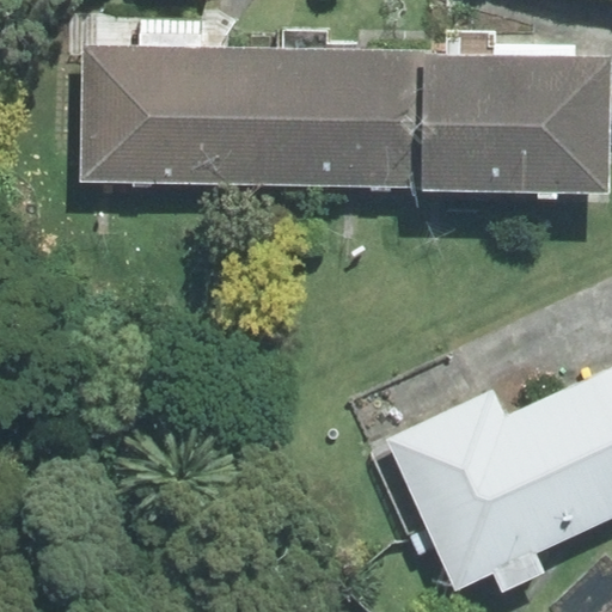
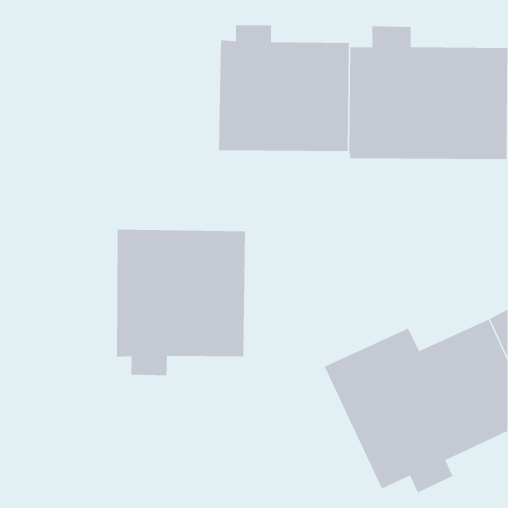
building: [82,22,264,182] -> none
building: none -> [117,229,245,376]

